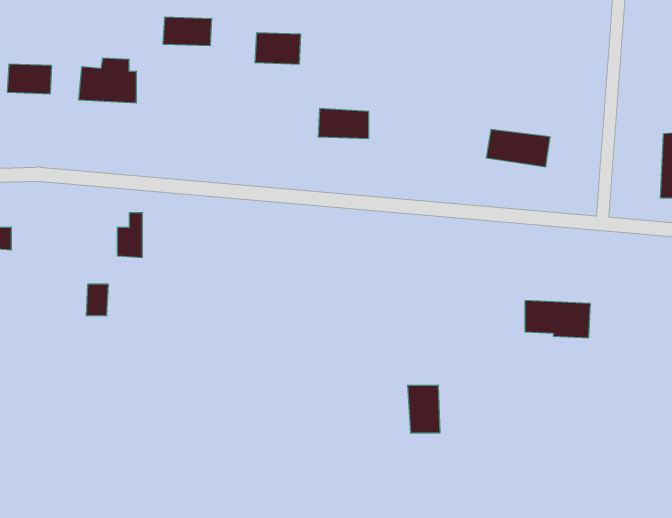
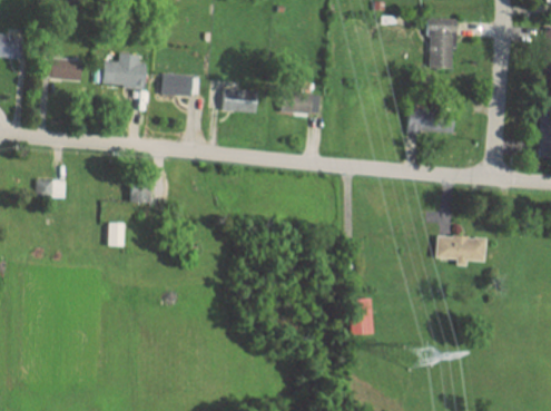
building: none -> [429,18,459,69]
building: [163,17,212,46] -> [163,74,199,95]
building: [255,33,301,64] -> [223,89,257,112]

